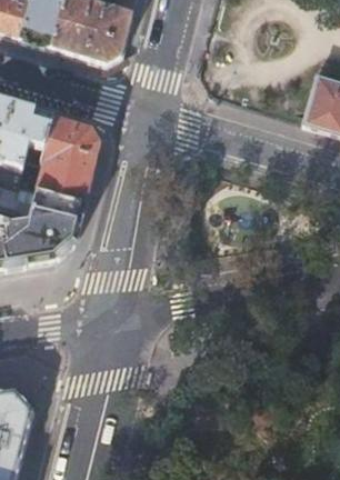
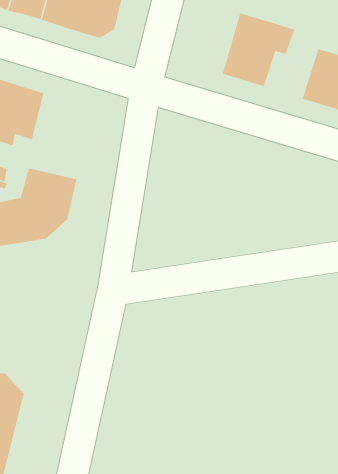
building: none -> [222,13,295,87]
building: [38,109,100,192] -> none

